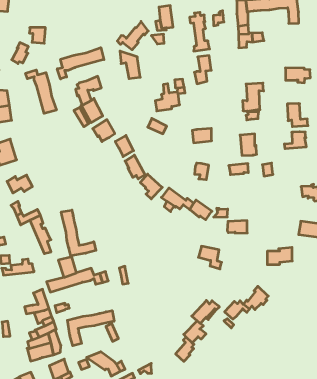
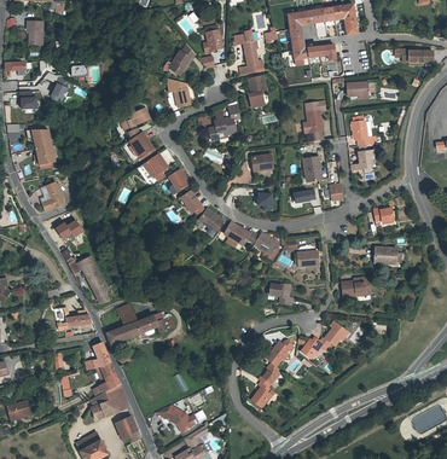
building: [57,48,104,79] -> none
building: [26,70,56,113] -> none
building: [61,210,96,256] -> none
building: [67,311,114,346] -> none

